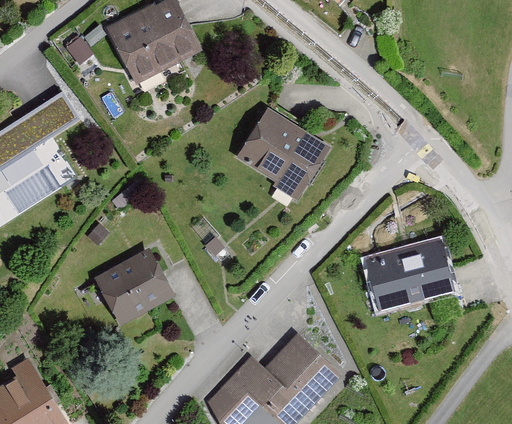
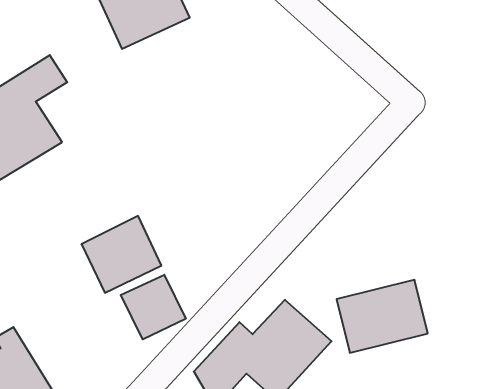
building: [236,110,329,207] -> none
building: [364,239,454,311] -> [337,280,428,353]
building: none -> [121,275,186,339]

